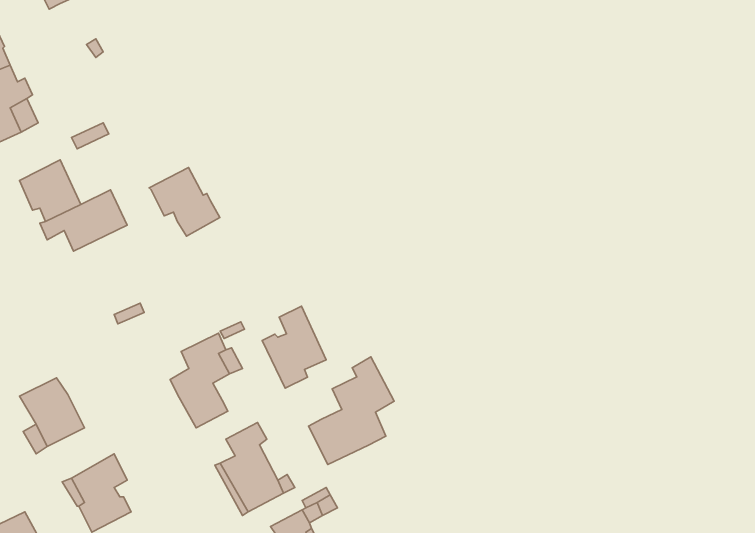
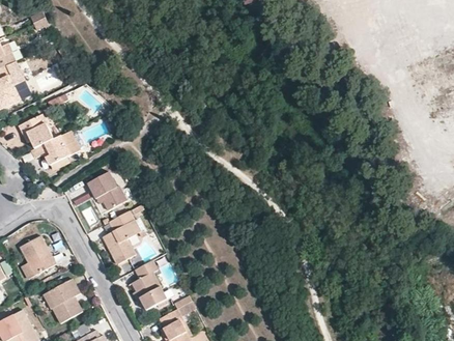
building: [149,167,220,236] -> [87,171,126,209]
building: [262,306,326,388] -> none
building: [309,357,394,465] -> none

